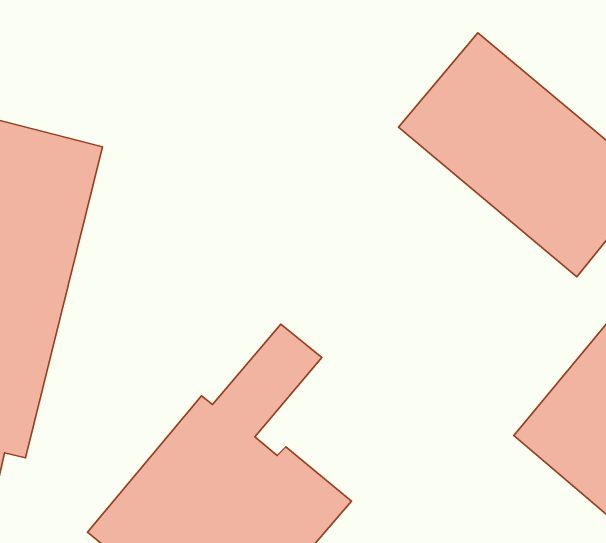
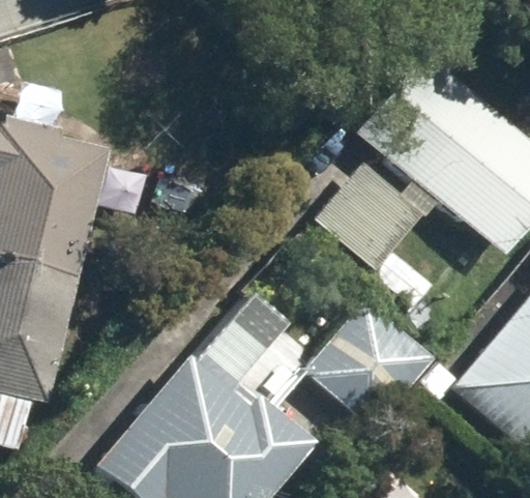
building: none -> [313,160,425,271]
building: none -> [307,300,437,431]

